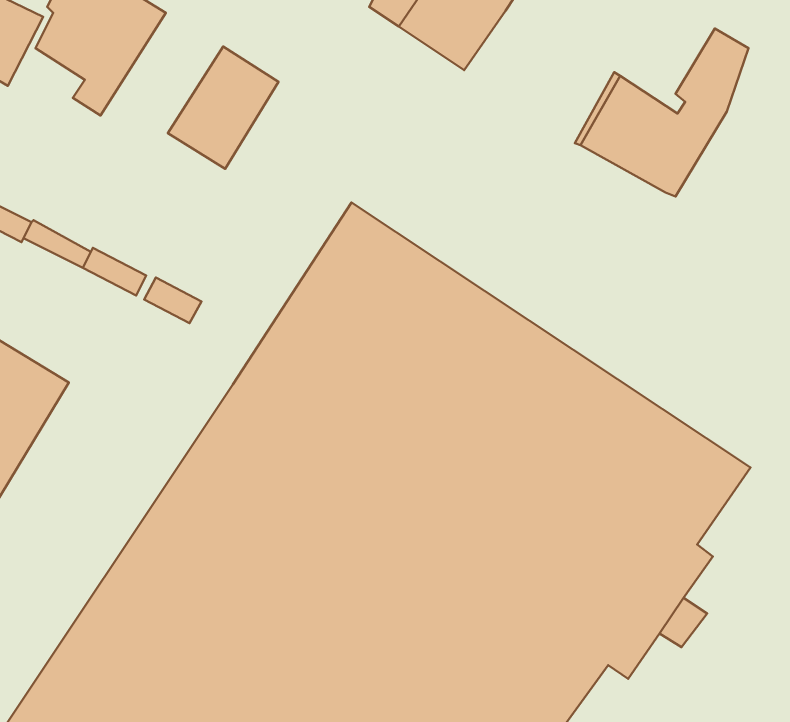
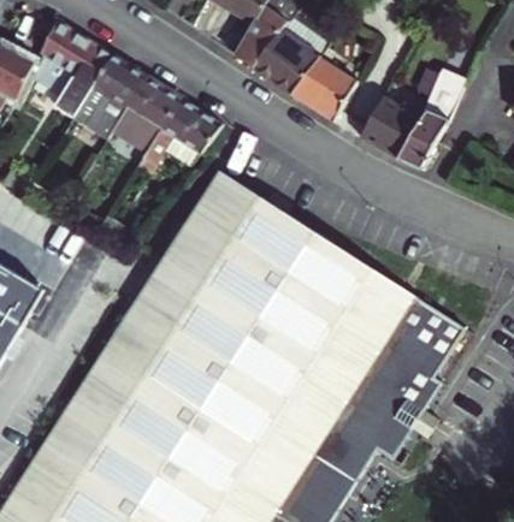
building: none -> [291,55,355,119]
building: none -> [70,57,144,140]
building: none -> [136,99,220,174]

